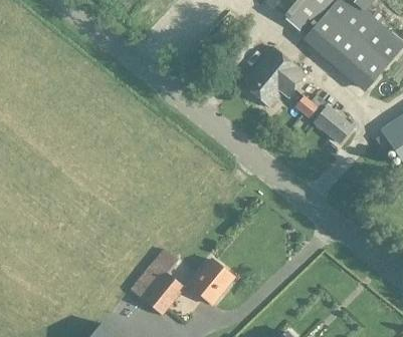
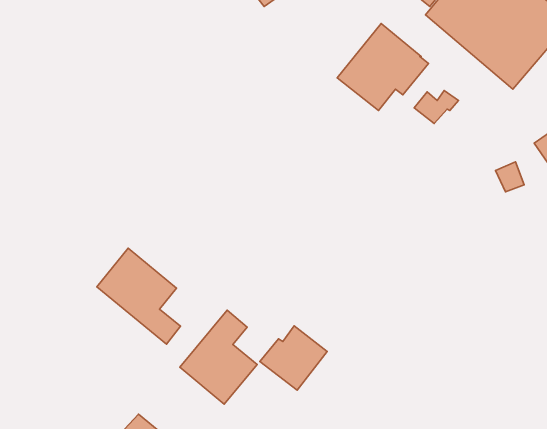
building: [316,106,354,142] -> none
building: none -> [97,248,180,344]

